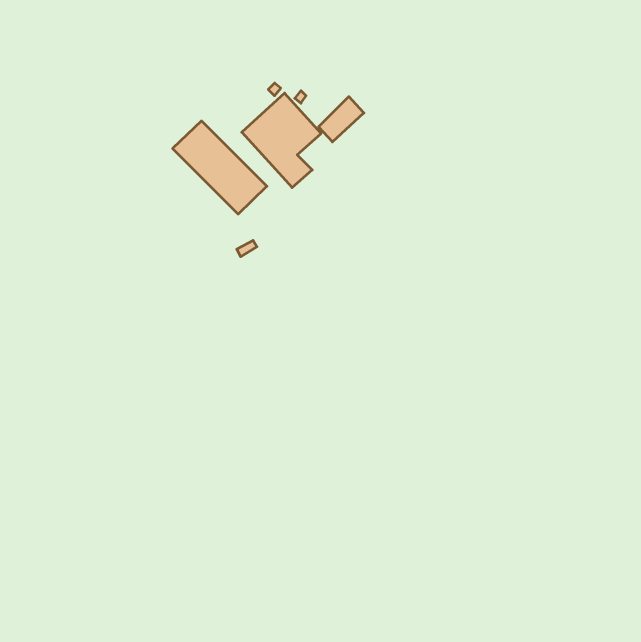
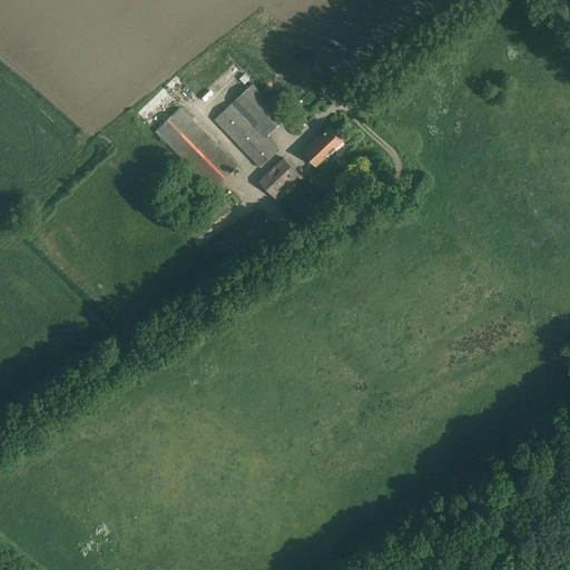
building: [319,97,364,142] -> [301,127,341,167]
building: none -> [257,159,302,204]

